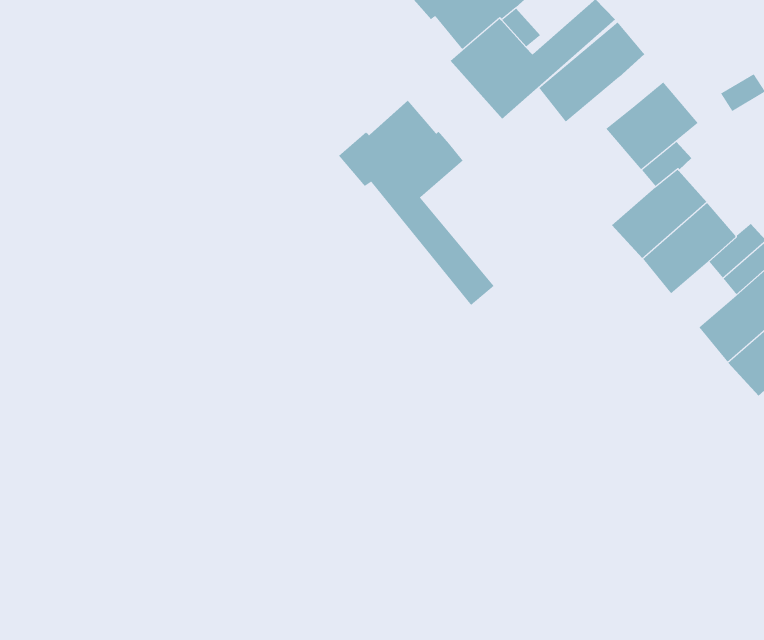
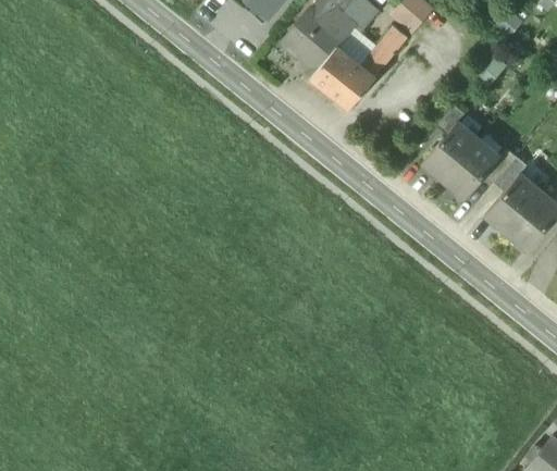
building: [538,21,645,122] -> none
building: [606,82,699,170] -> none
building: [338,100,495,306] -> none

